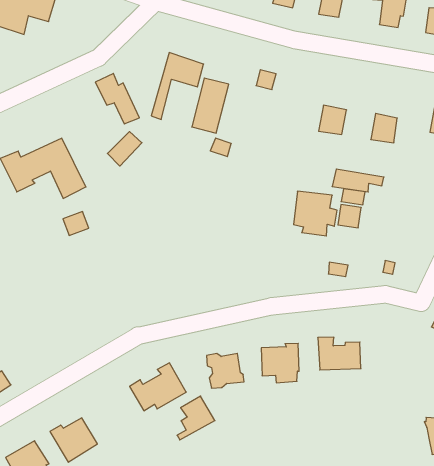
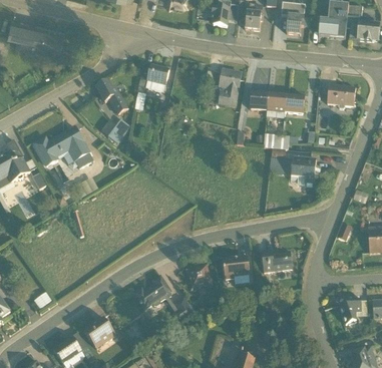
building: [192,78,229,133] -> [218,71,241,108]
building: none -> [266,94,289,119]
building: [294,191,337,236] -> [291,157,320,187]

